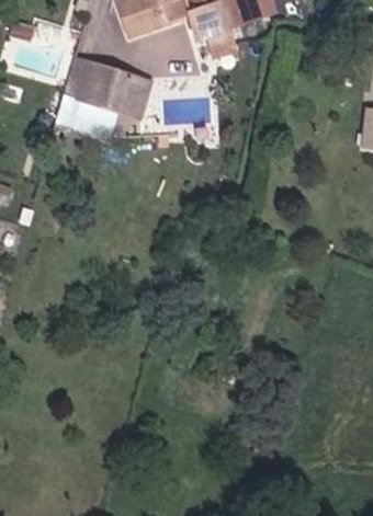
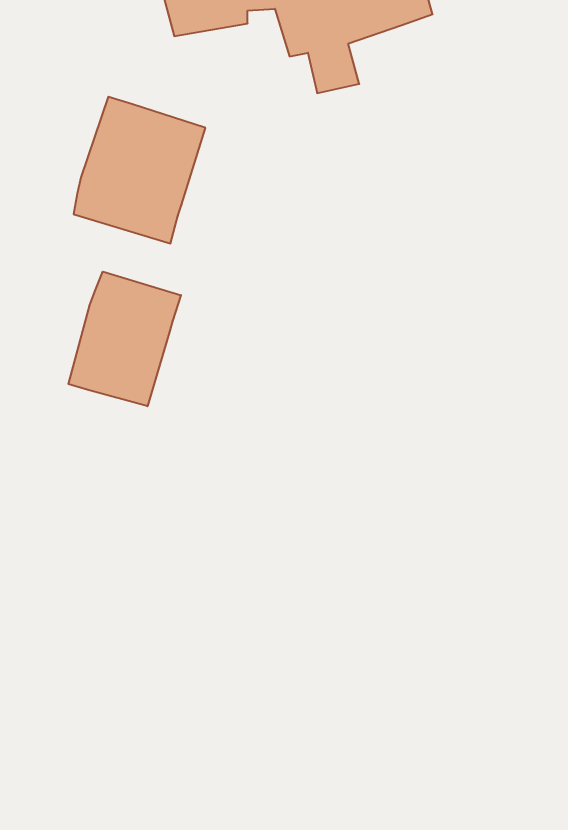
building: none -> [68,272,181,406]

